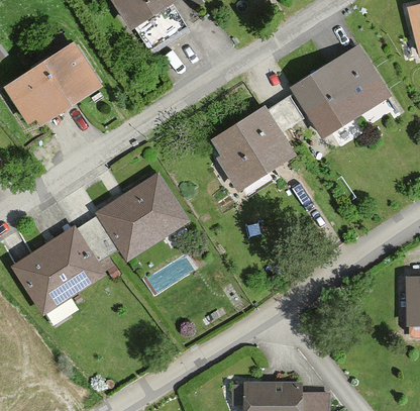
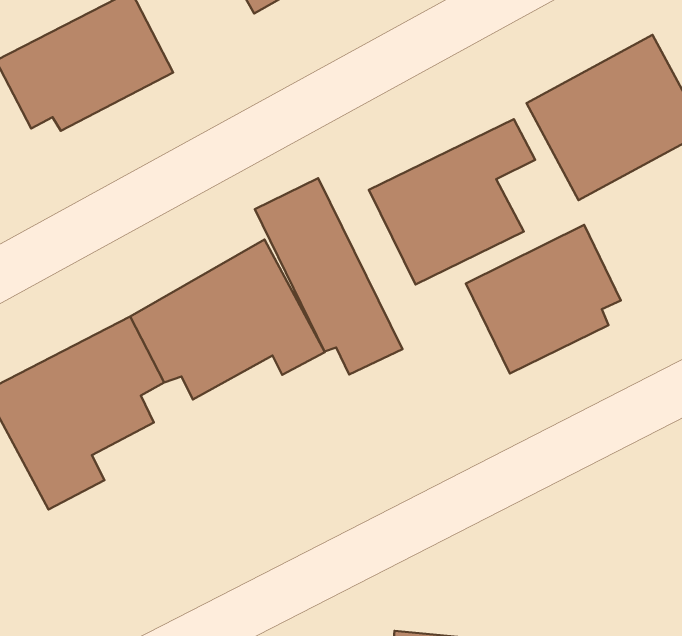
building: none -> [255,178,403,375]
building: none -> [466,225,621,374]

